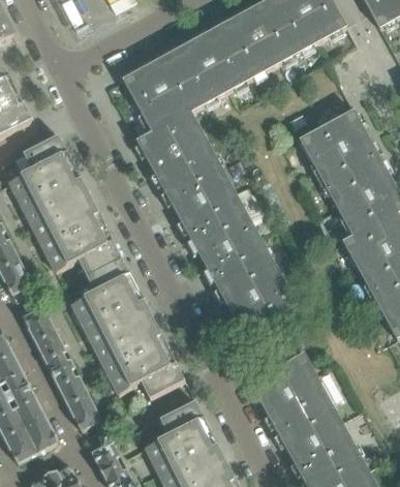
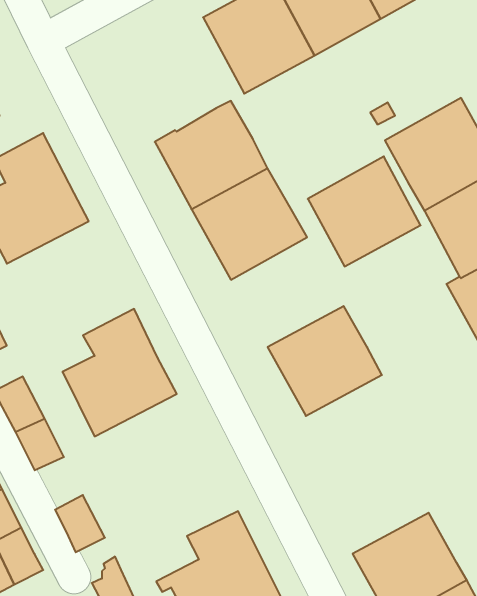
building: [122,52,199,132] -> none
building: [32,195,122,276] -> none
building: [190,207,270,284] -> [308,156,421,266]
building: [94,317,184,397] -> none
building: [249,352,330,430] -> none
building: [52,362,86,399] -> none

